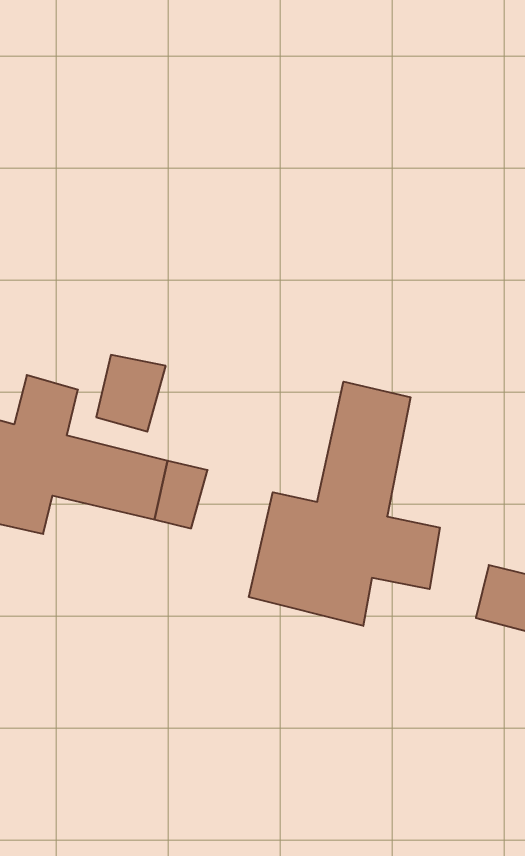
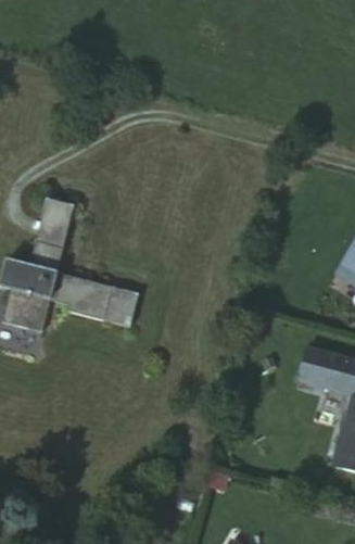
building: [96,355,166,432] -> [34,200,75,245]
building: [249,382,440,626] -> none

